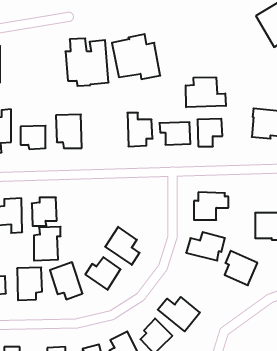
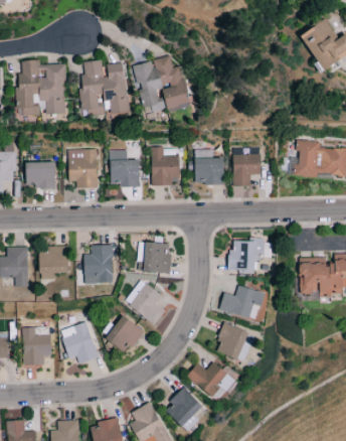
building: none -> [17,59,66,116]
building: [186,77,226,107] -> none
building: none -> [110,150,140,187]
building: none -> [138,243,170,273]
building: [34,227,61,261] -> [84,245,116,284]
building: [225,251,257,285] -> [217,322,255,362]

